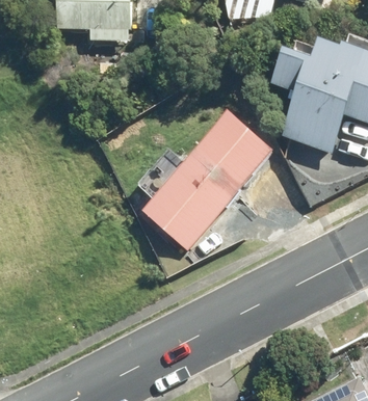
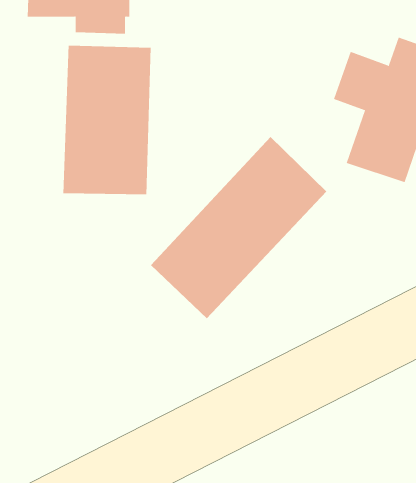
building: none -> [63,45,151,195]

